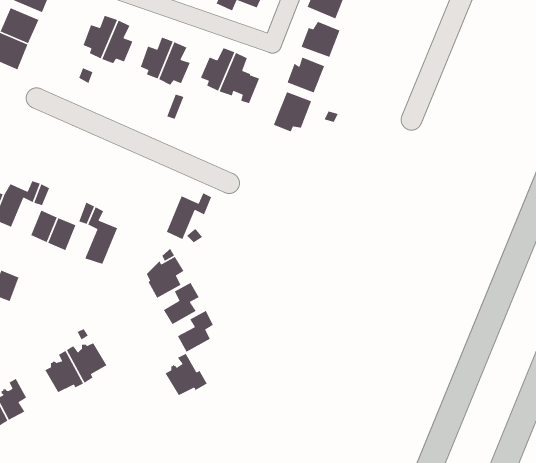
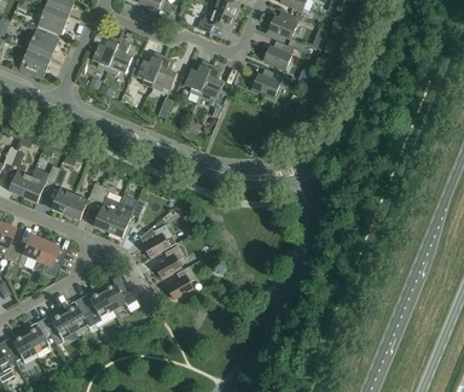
building: [273,91,312,133] -> none
building: [166,192,212,240] -> [108,199,144,236]
building: none -> [35,240,66,276]
building: [164,353,208,396] -> [100,275,134,309]
building: none -> [40,312,72,341]

